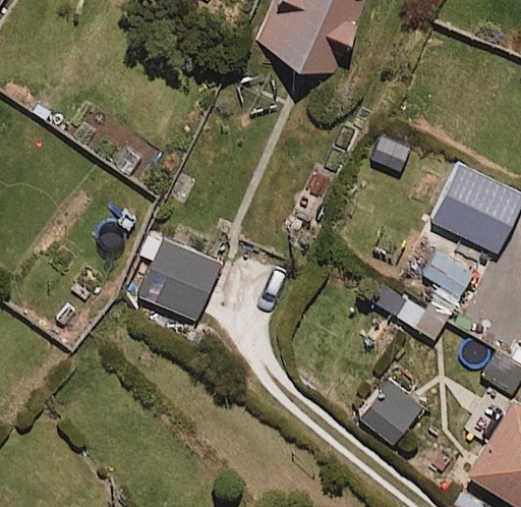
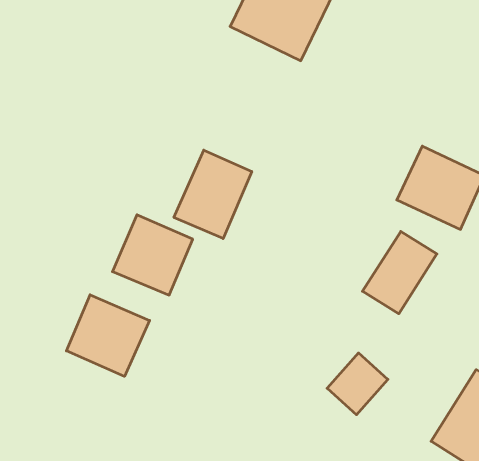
building: none -> [174,150,252,239]
building: none -> [66,295,150,376]

